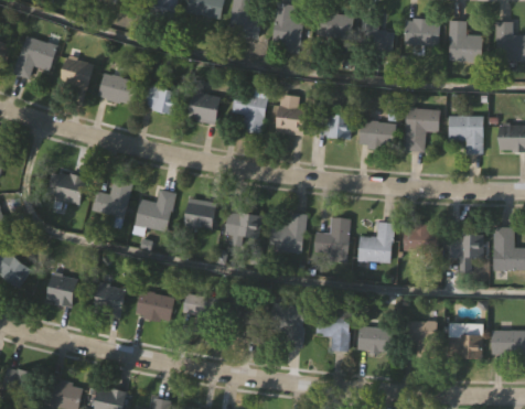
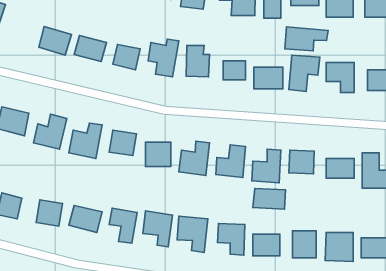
building: [58,56,95,95] -> none
building: none -> [285,27,328,51]
building: none -> [253,188,286,209]

